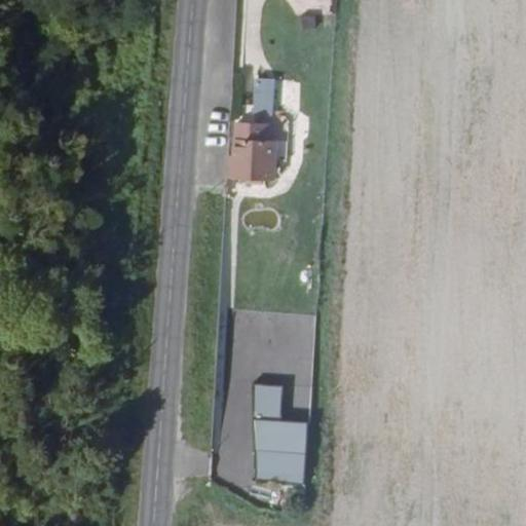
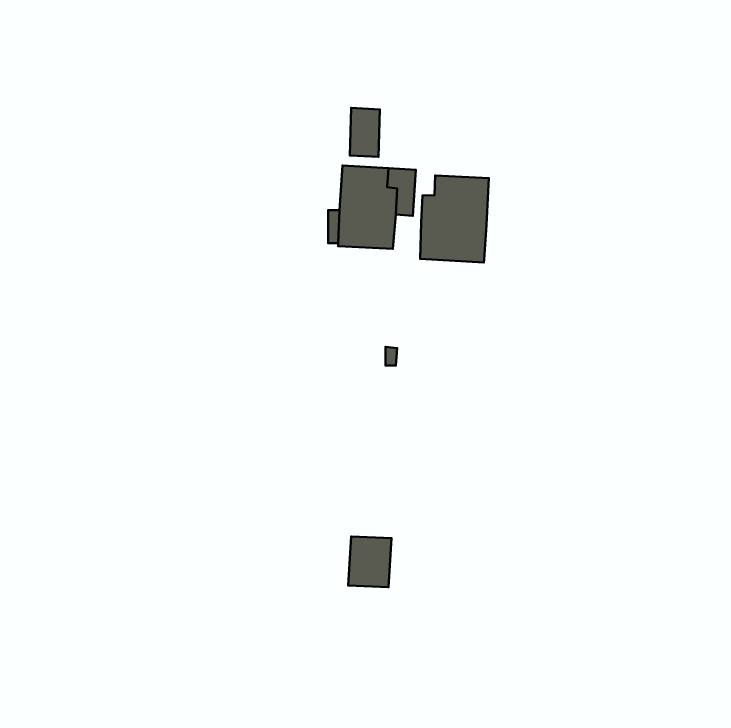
building: none -> [420,176,489,263]
building: [256,411,304,468] -> none

